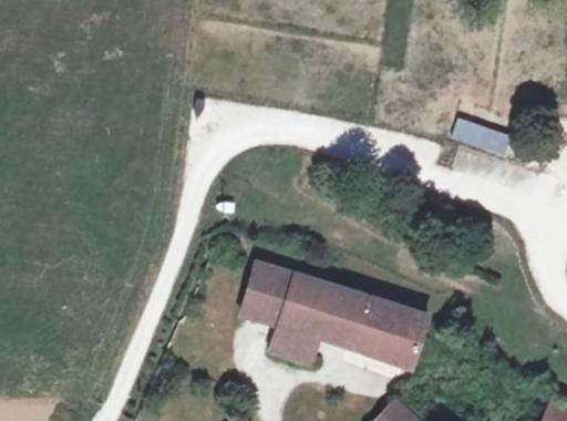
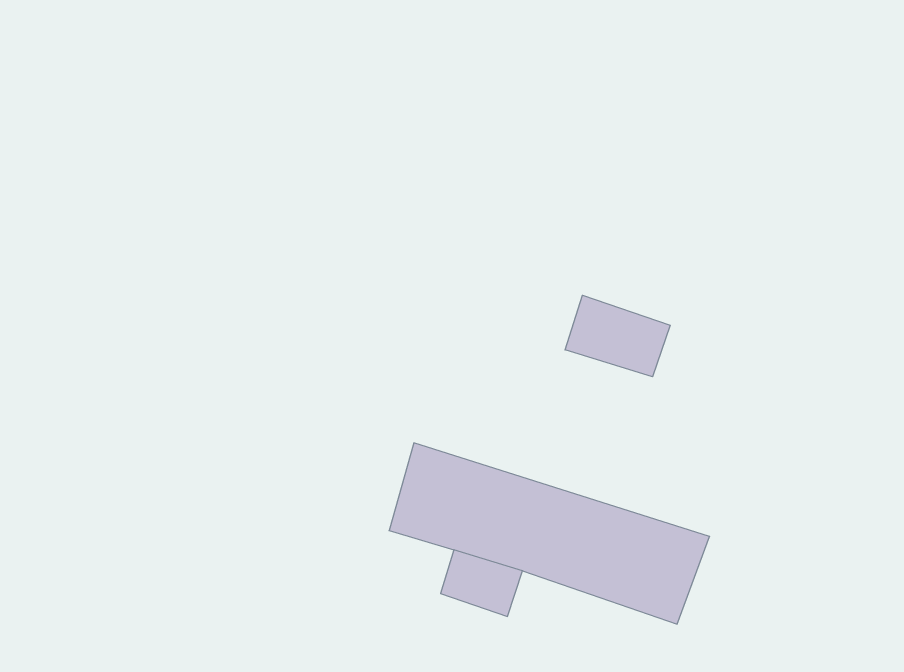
building: none -> [565,295,670,377]

